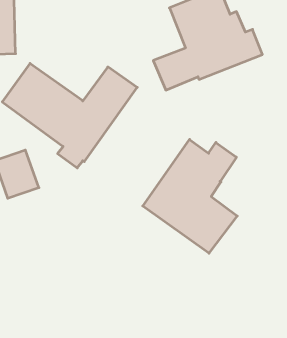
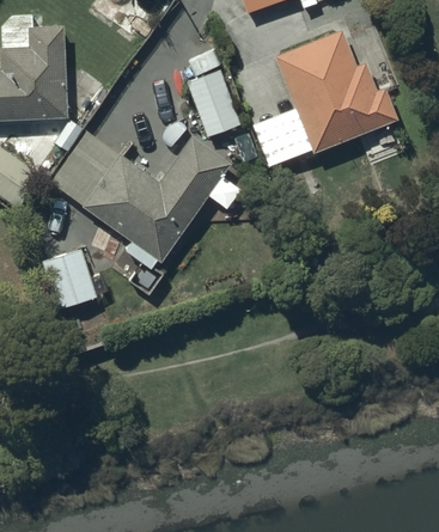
building: none -> [187,72,240,139]
building: [143,139,237,253] -> none

